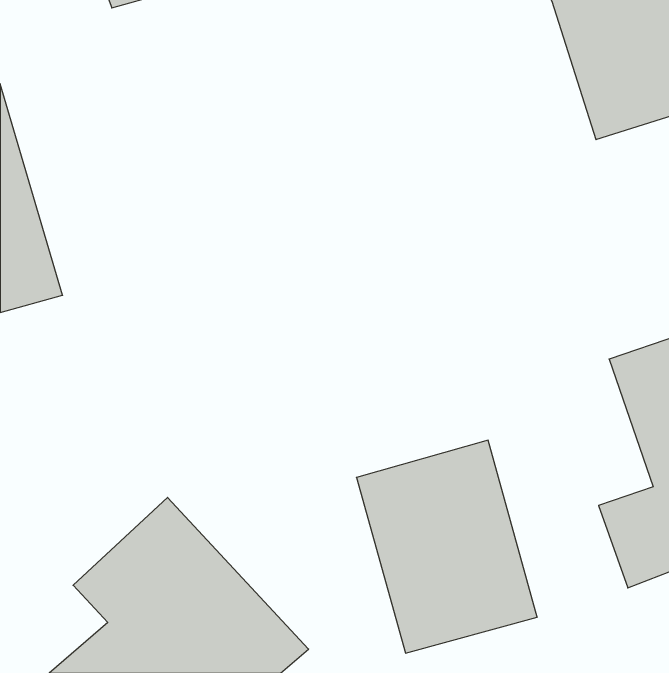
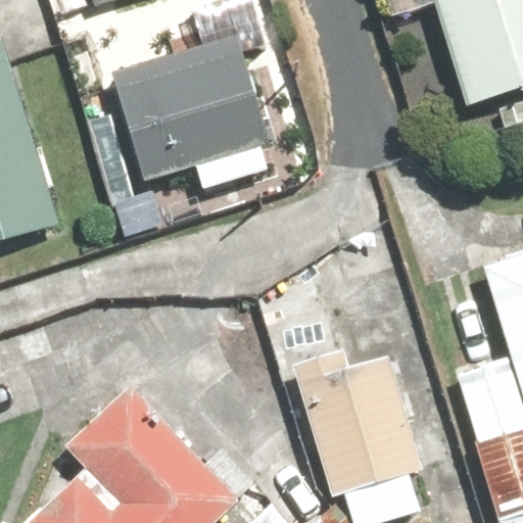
building: none -> [101,33,284,196]

